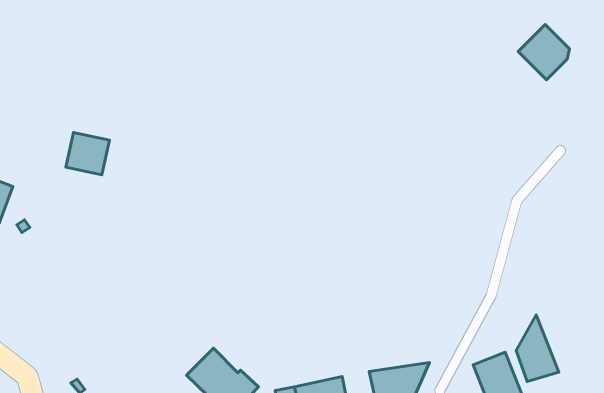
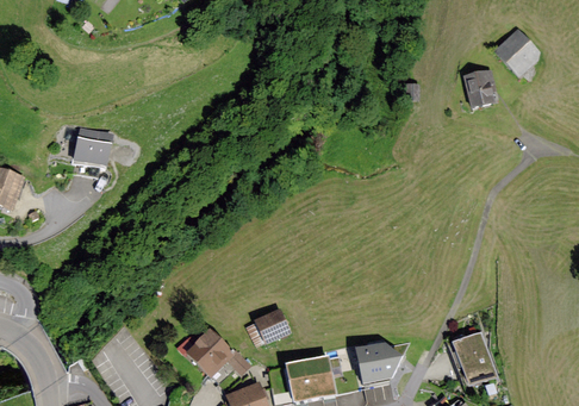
building: none -> [462,68,496,110]
building: [516,315,559,382] -> none
building: none -> [254,308,291,344]

